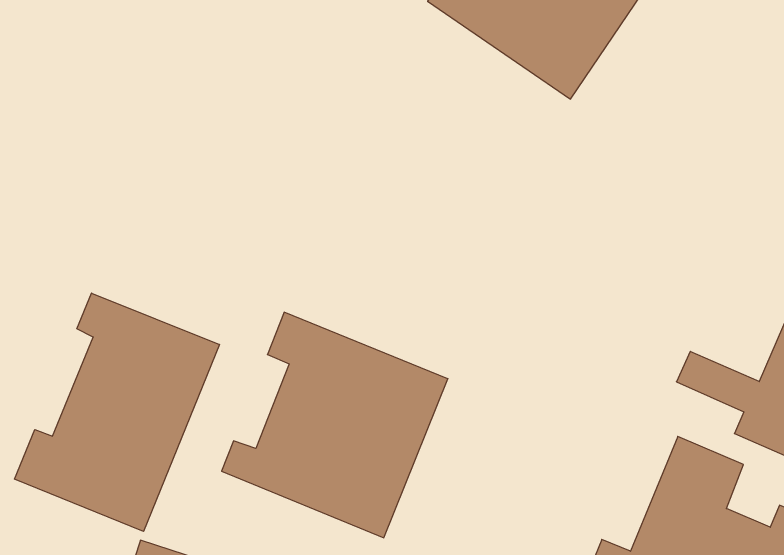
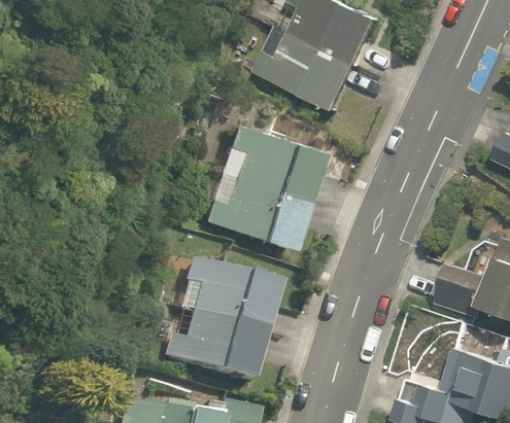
building: none -> [199,121,330,250]
building: [15,293,219,531] -> none

